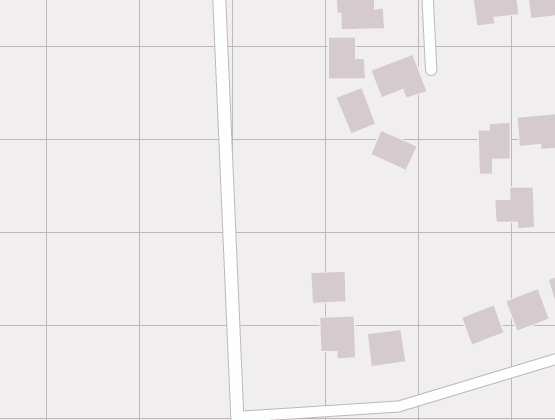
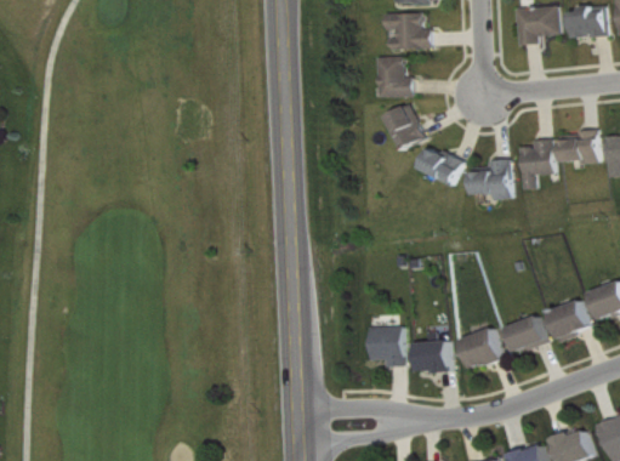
building: [371,54,427,98] -> none
building: [494,187,535,229] -> [470,159,508,199]
building: [311,271,346,304] -> none
building: none -> [459,326,501,369]

